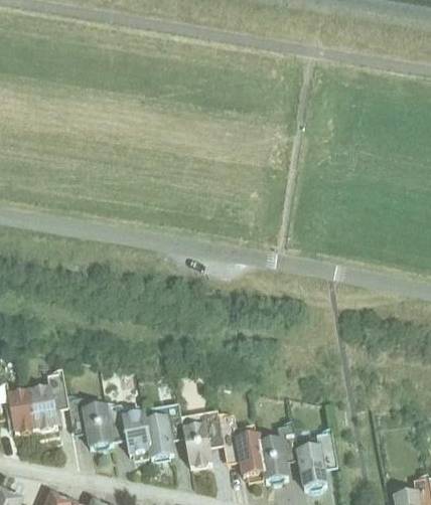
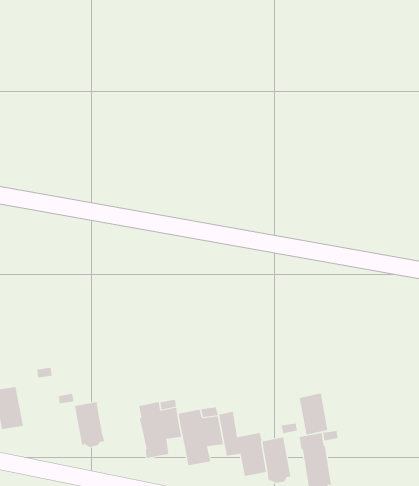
building: [28,387,56,429] -> none
building: none -> [299,392,328,436]
building: [105,404,150,454] -> none

